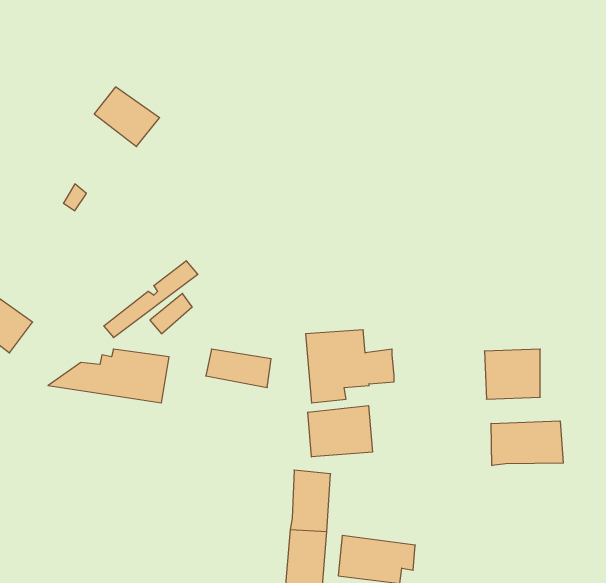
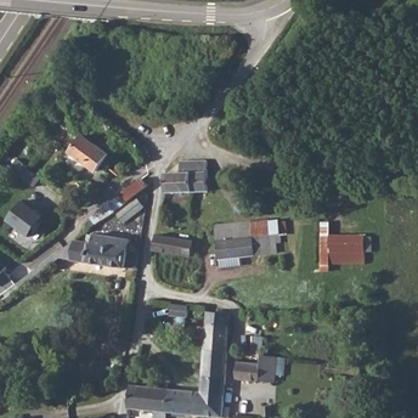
building: [94,87,160,147] -> [68,135,109,173]
building: none -> [164,159,205,192]
building: [308,406,372,457] -> none
building: [491,421,563,466] -> none

